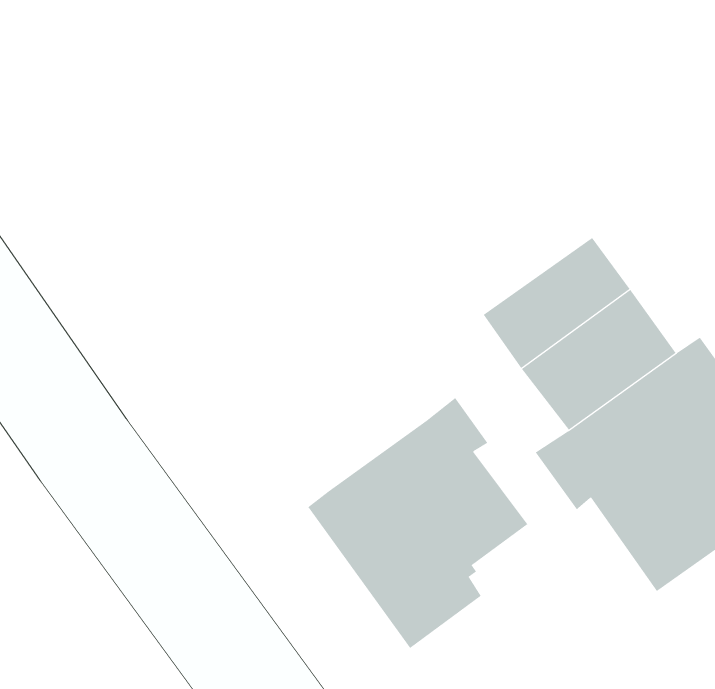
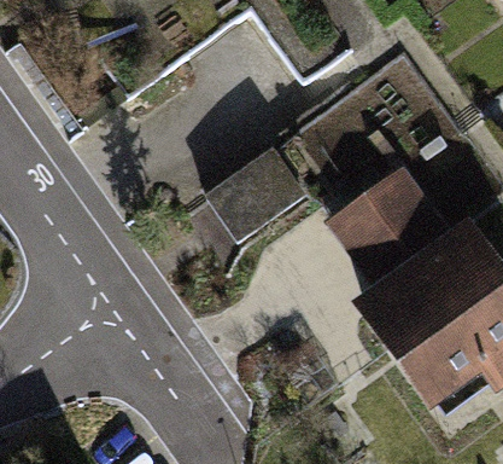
building: none -> [212,147,310,238]
building: [307,397,528,649] -> none

